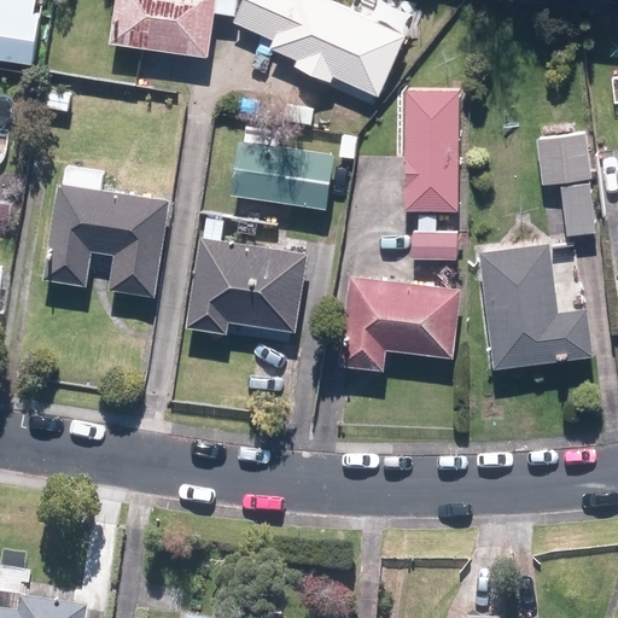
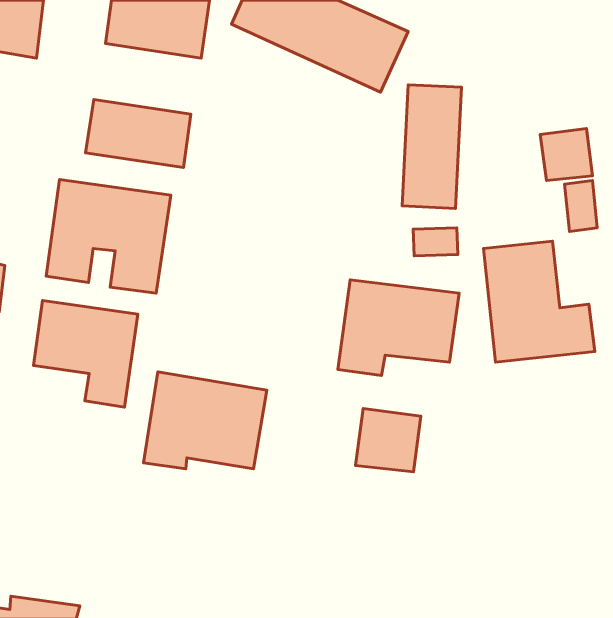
building: [222,140,327,208] -> [86,100,191,167]
building: [177,238,301,334] -> [143,372,267,469]
building: none -> [34,301,138,407]
building: none -> [356,408,421,472]

